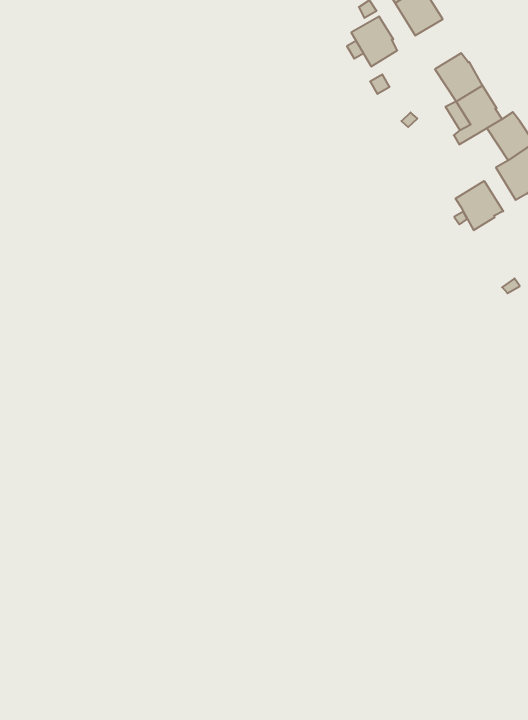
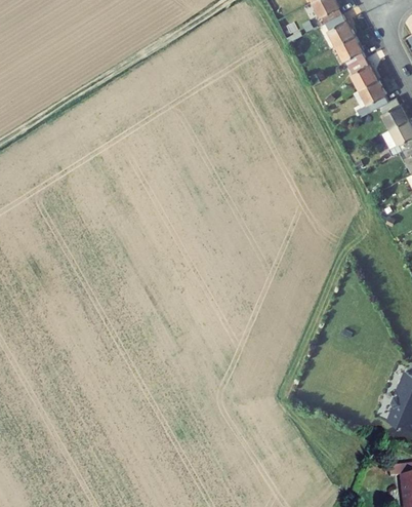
building: [351,16,397,66] -> [337,36,366,68]
building: [456,181,503,230] -> none

